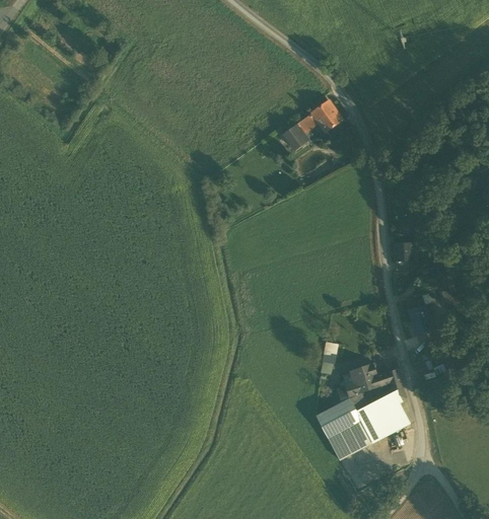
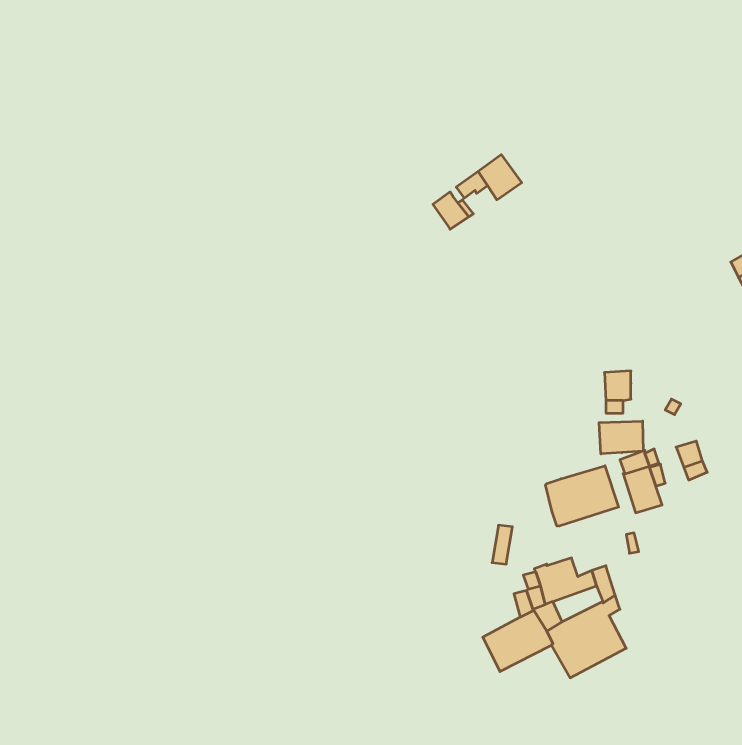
building: none -> [599,421,643,454]
building: none -> [546,466,619,526]
building: [327,421,372,459] -> none

